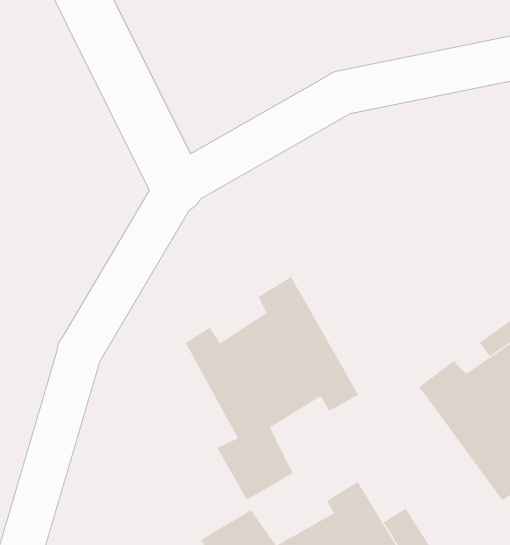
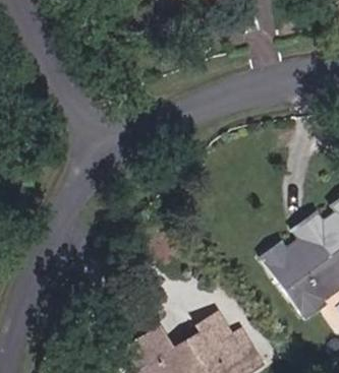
building: [185,276,359,501] -> none

